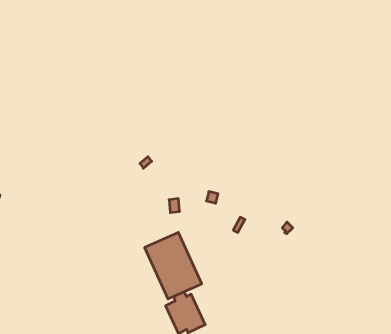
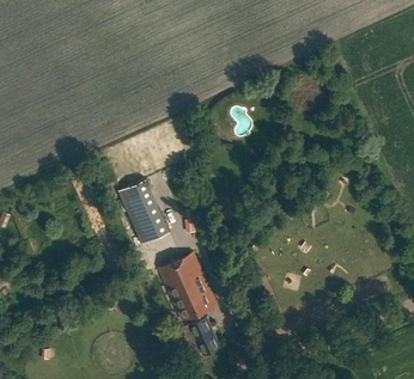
building: none -> [120,179,171,245]

